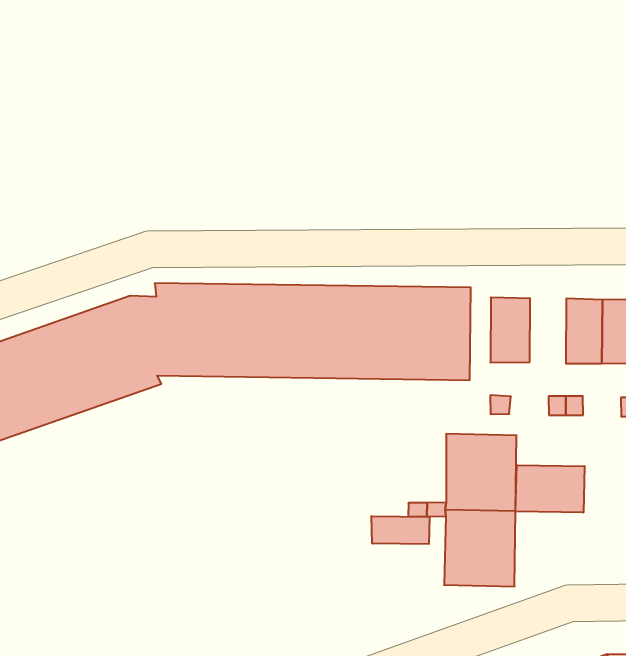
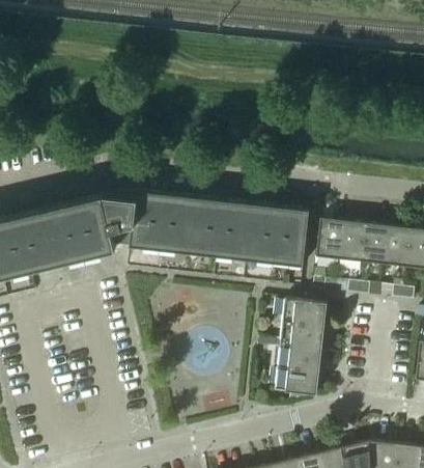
building: none -> [340,220,366,261]
building: [516,465,585,513] -> none
building: [371,516,429,544] -> none

